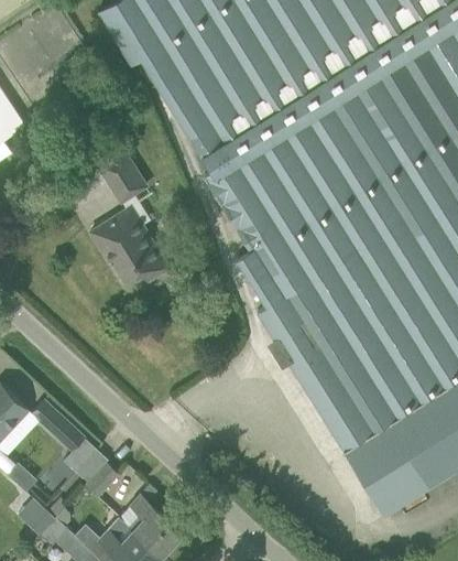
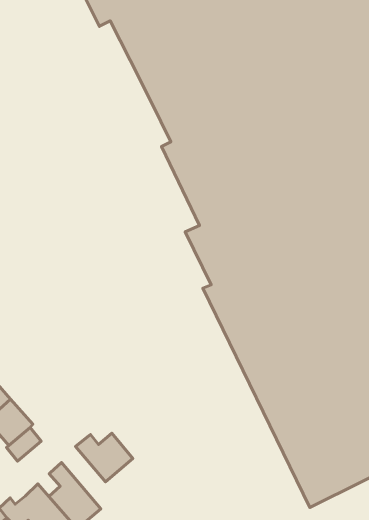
building: [90,152,168,282] -> none
building: none -> [76,433,133,482]

